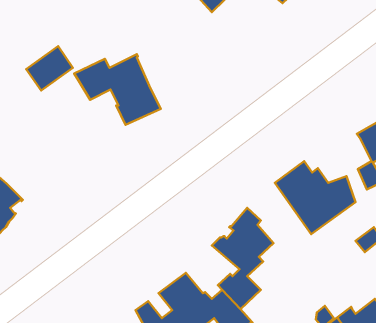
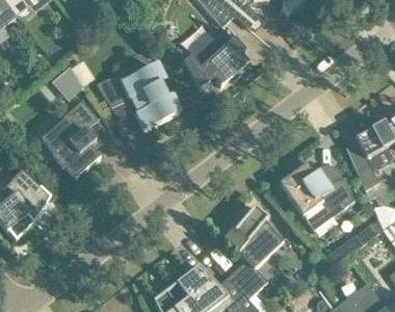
building: none -> [183,28,247,89]
building: none -> [42,99,100,178]

